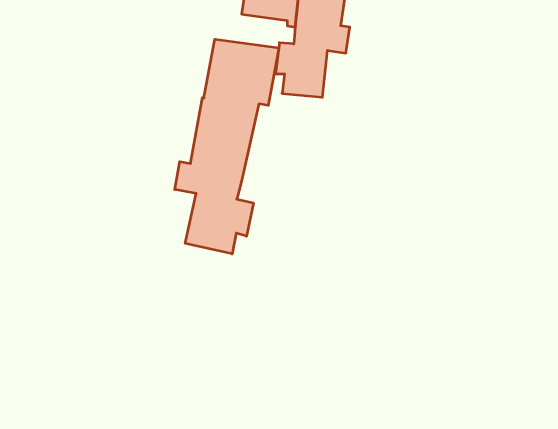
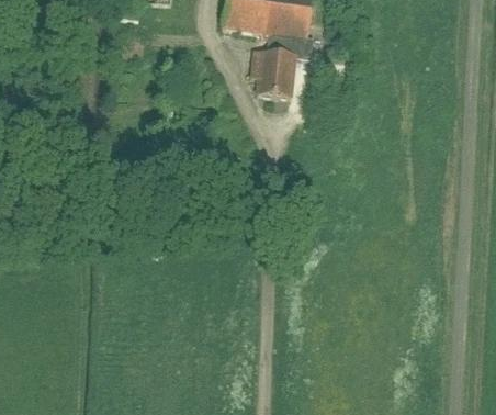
building: [175,39,279,254] -> none

